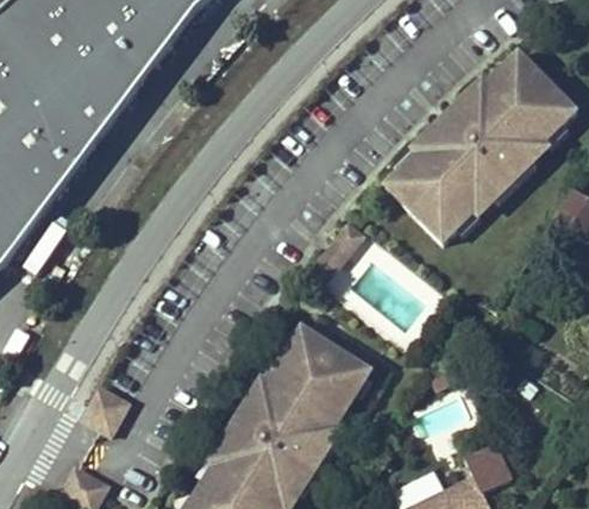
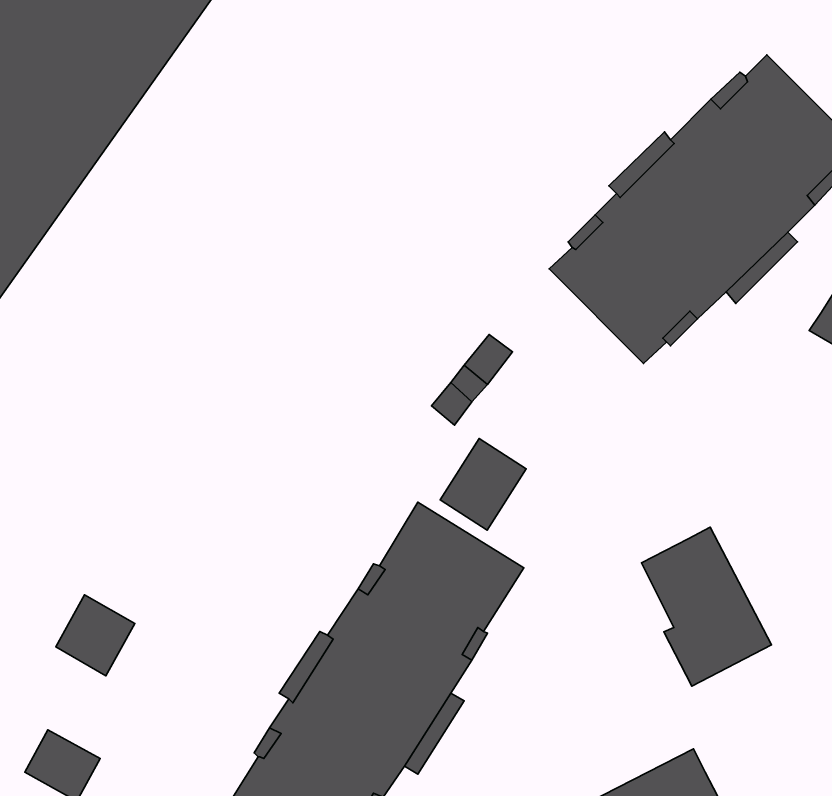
building: none -> [440,438,526,530]
building: none -> [641,527,772,686]
building: [465,444,514,492] -> none

